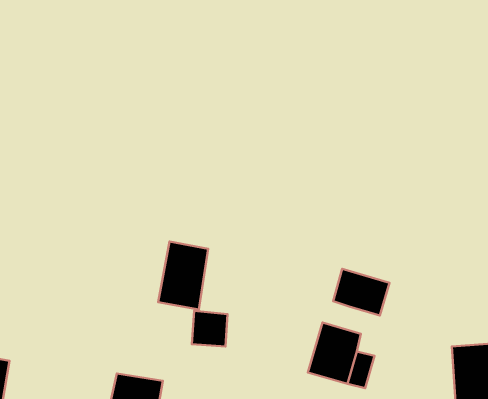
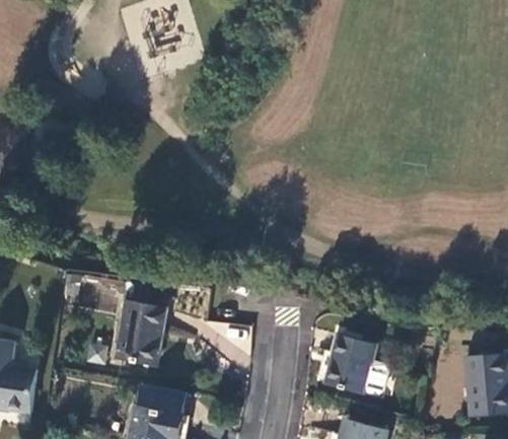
building: [158,242,208,309] -> [115,301,163,367]
building: [333,269,390,316] -> none

